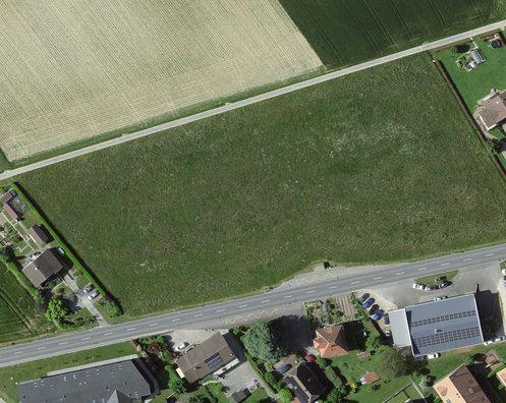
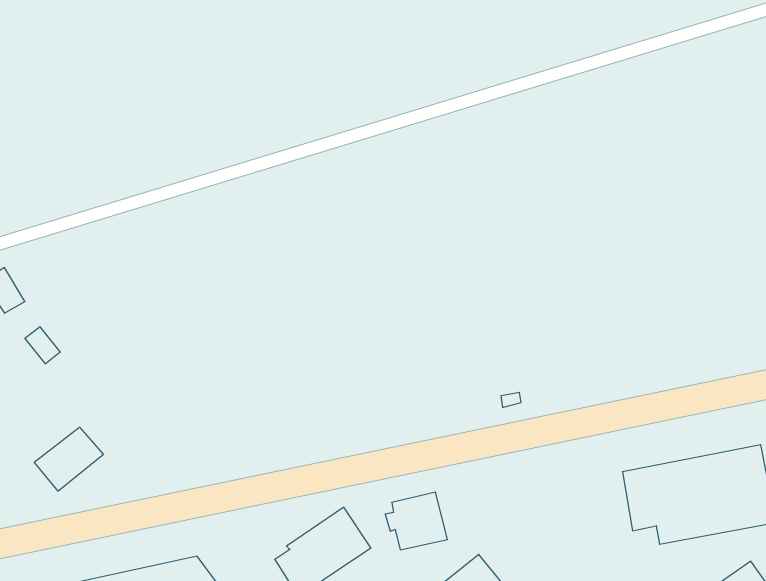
building: [20,247,62,286] -> [34,427,103,491]
building: [310,322,347,356] -> [385,492,447,550]

